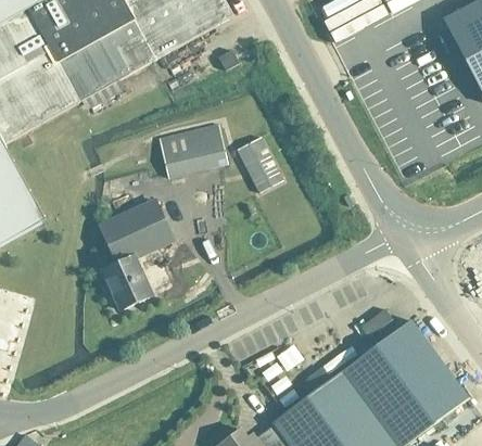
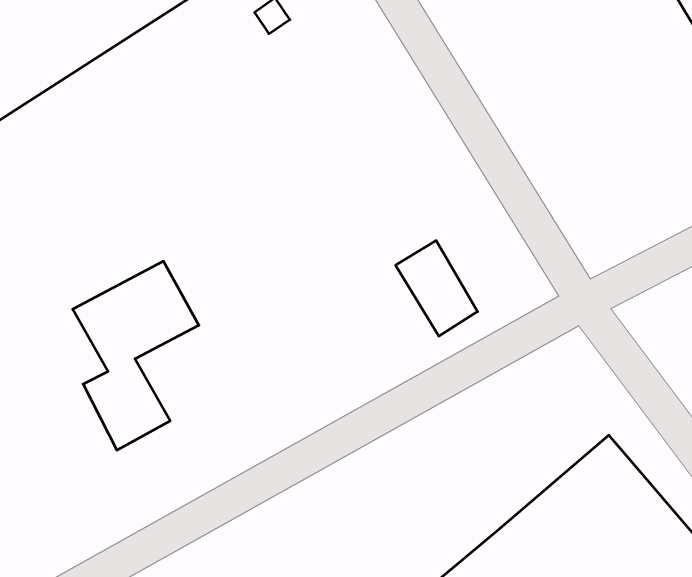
building: [157,122,228,178] -> none
building: [236,136,282,192] -> [396,241,478,336]

